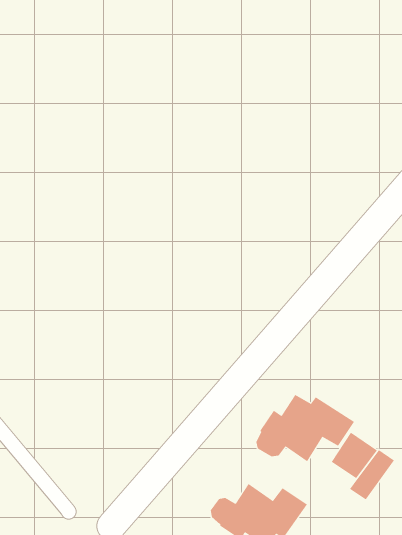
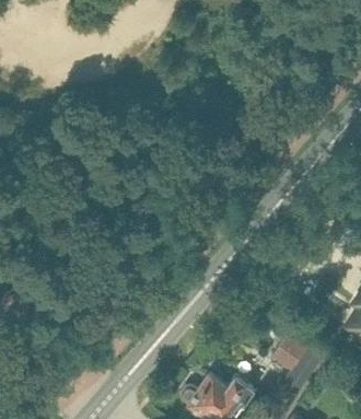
building: [256,394,355,462] -> none

